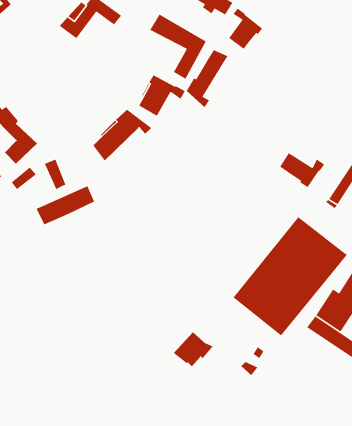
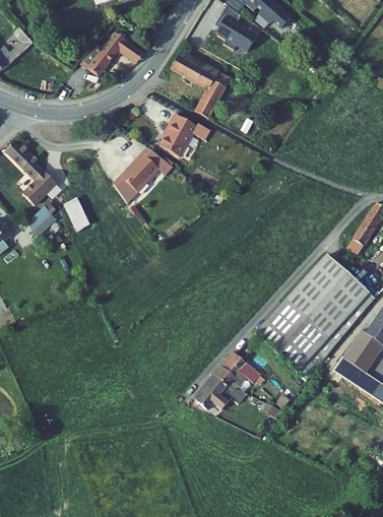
building: [228,7,263,50] -> none
building: [186,49,229,108] -> none
building: [279,152,325,188] -> none
building: [35,185,95,225] -> none
building: none -> [215,352,262,391]

